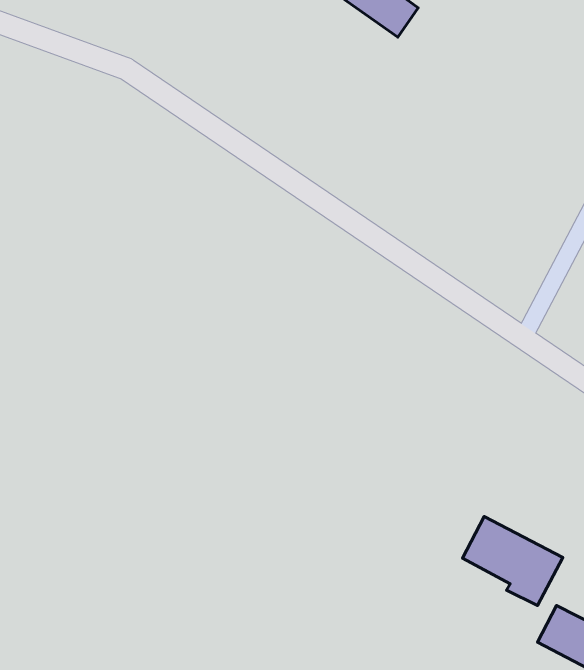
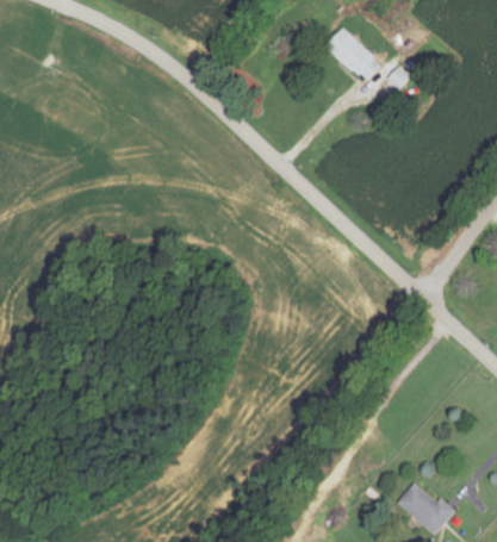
building: [462,517,563,605] -> none

